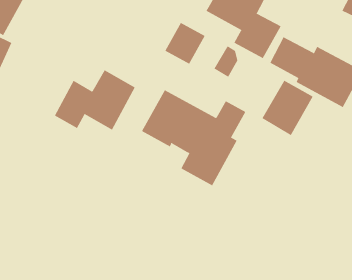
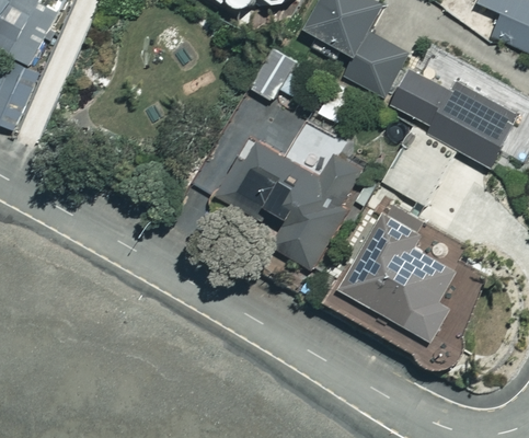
building: [54,69,135,130] -> none
building: none -> [340,206,460,346]

